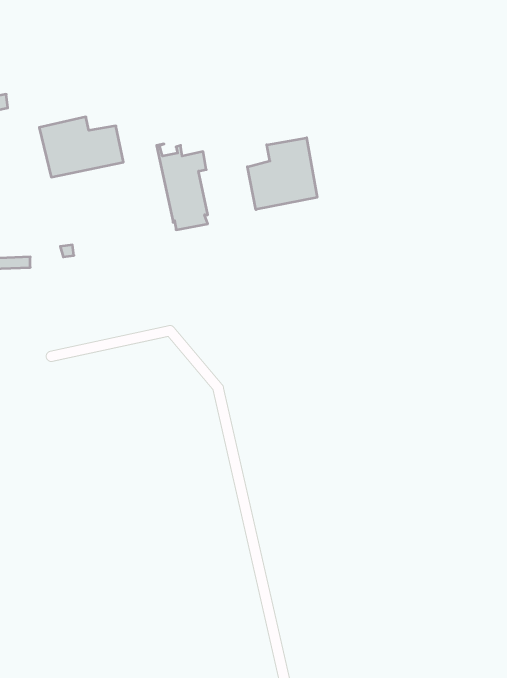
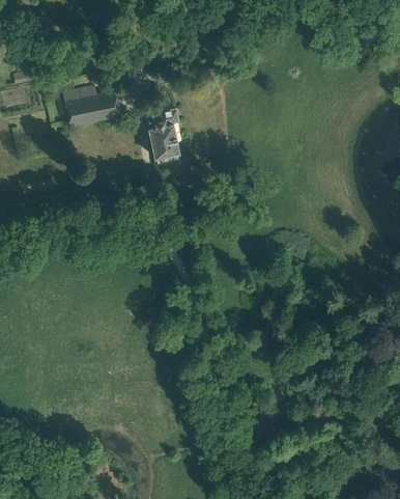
building: [247,138,317,210] -> none

